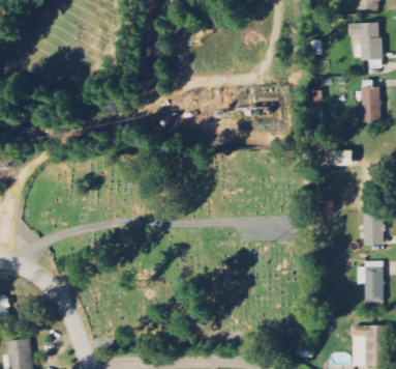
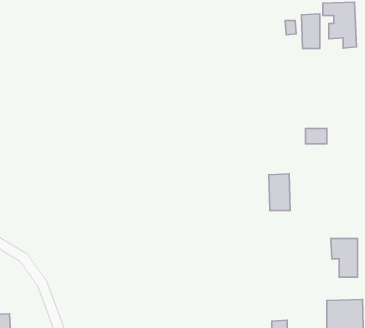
building: [362,86,380,121] -> [302,14,320,48]
building: [363,207,385,245] -> [269,174,290,210]

